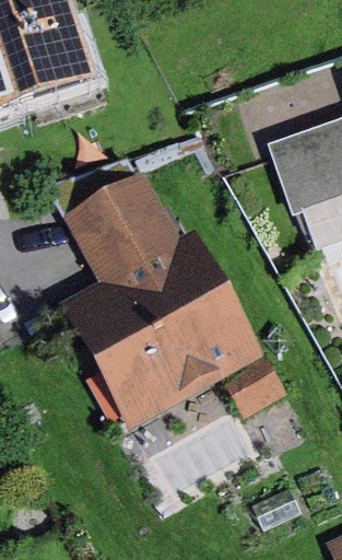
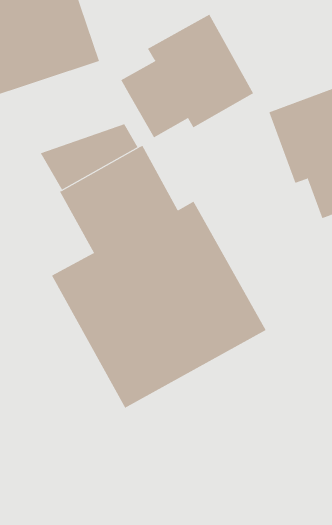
building: none -> [121,14,254,138]

